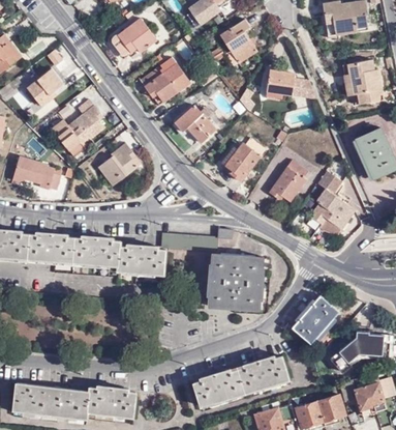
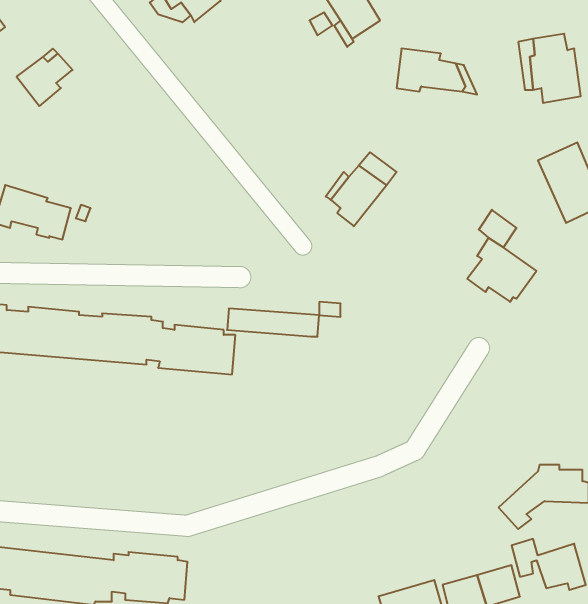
building: [141,59,189,105] -> none
building: [53,99,105,156] -> none
building: [175,105,216,143] -> none
building: [99,143,138,184] -> none
building: [269,161,307,201] -> none
building: [209,254,263,310] -> none
building: [293,295,338,343] -> none
building: [194,356,288,406] -> none

